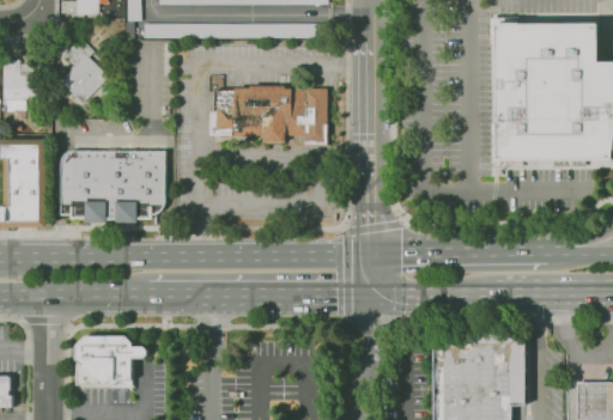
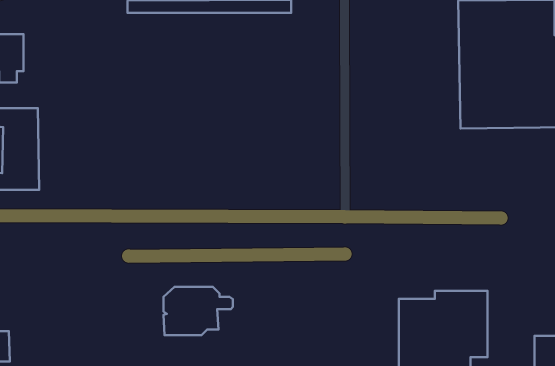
building: [57,38,111,104] -> none
building: [214,91,327,145] -> none
building: [61,152,166,220] -> none
building: [73,336,147,388] -> [163,287,233,335]

